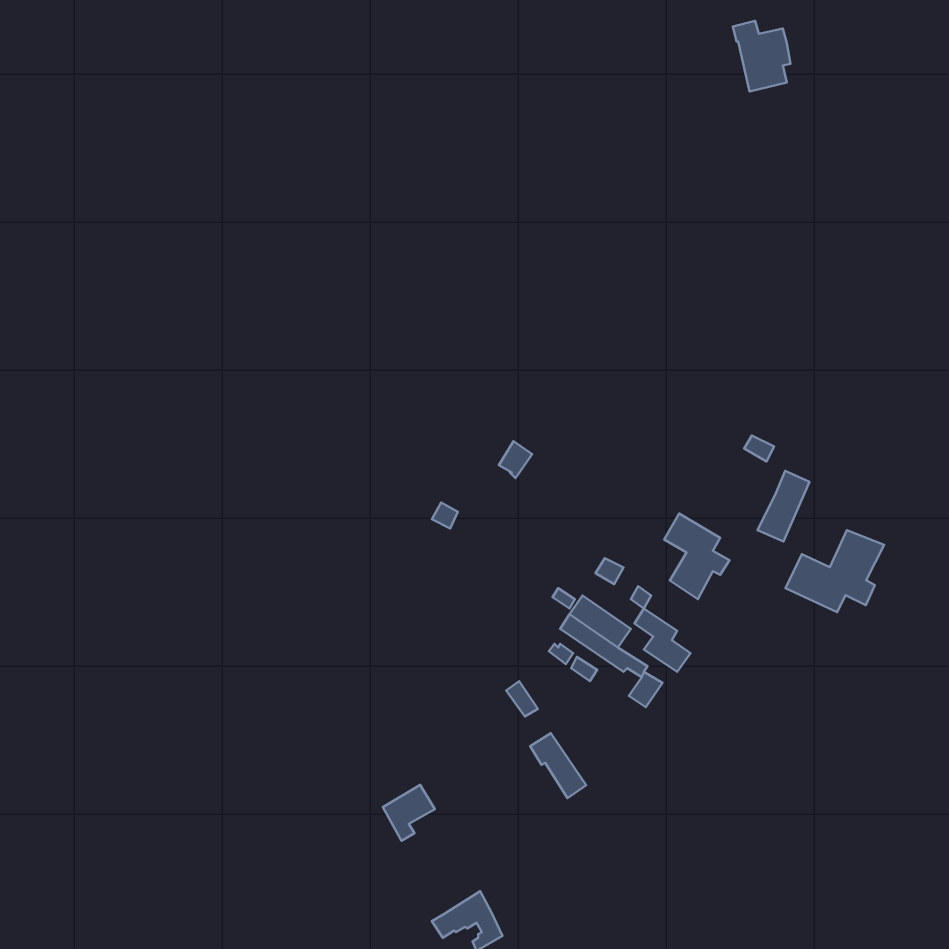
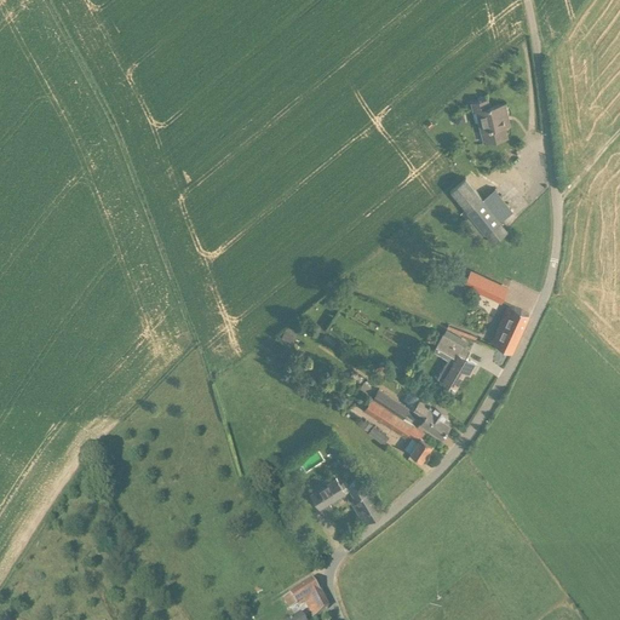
building: [733,21,790,92] -> [471,99,509,145]
building: none -> [447,180,511,235]
building: [785,530,884,612] -> none
building: [383,785,435,841] -> [310,480,344,516]

